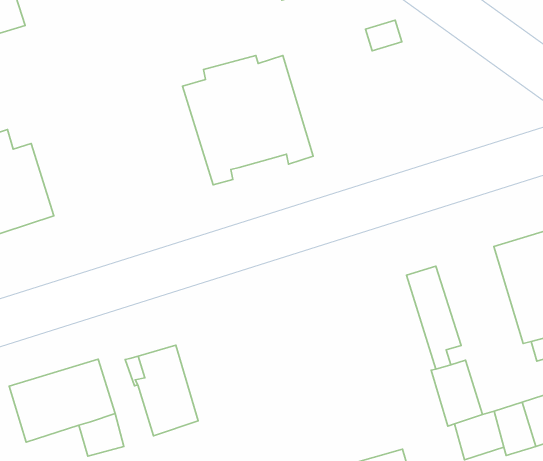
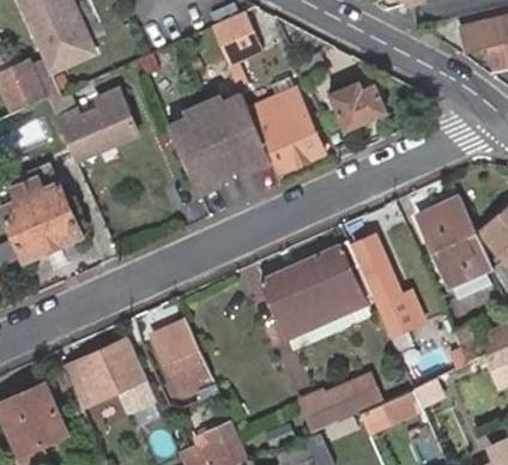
building: none -> [56,89,135,159]
building: none -> [249,86,322,173]
building: none -> [332,80,387,128]
building: none -> [260,242,373,338]

